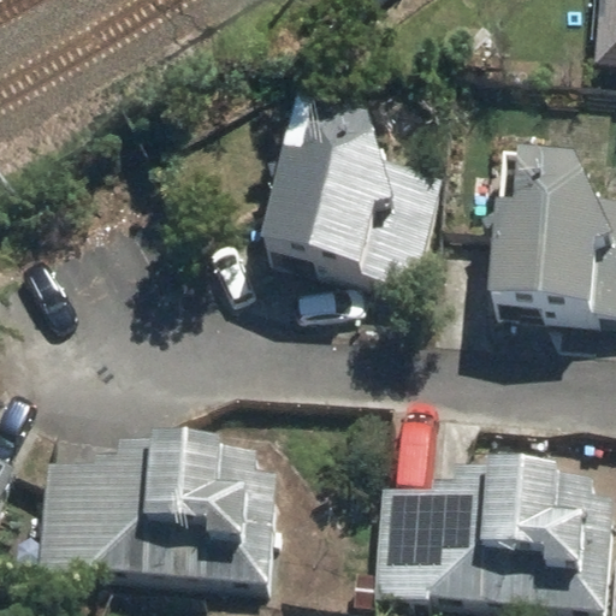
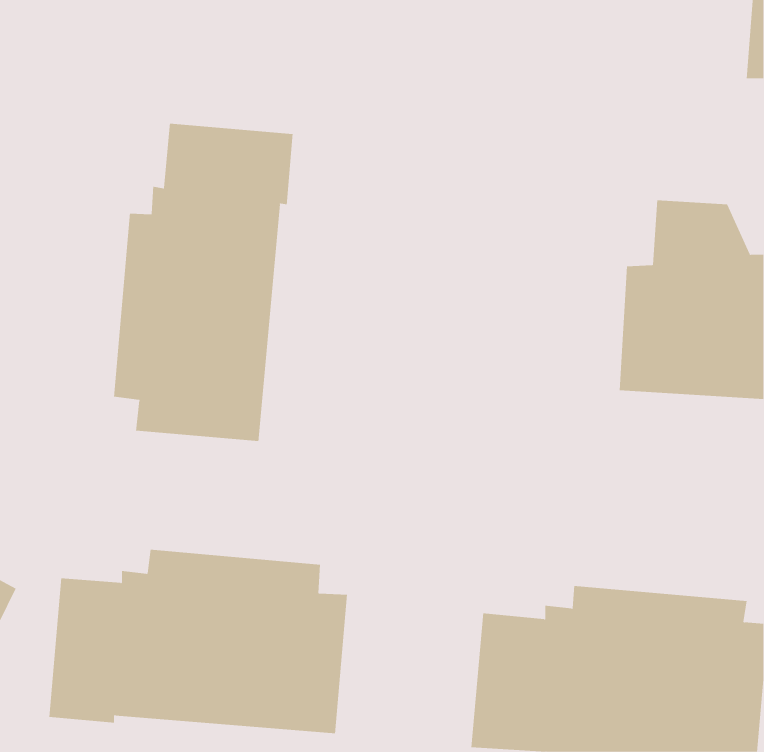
building: none -> [114,123,293,442]
building: [266,106,439,289] -> none

